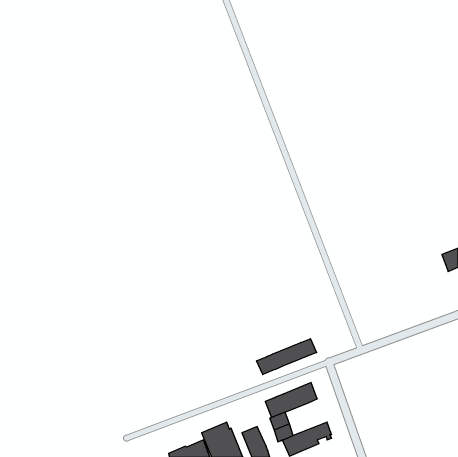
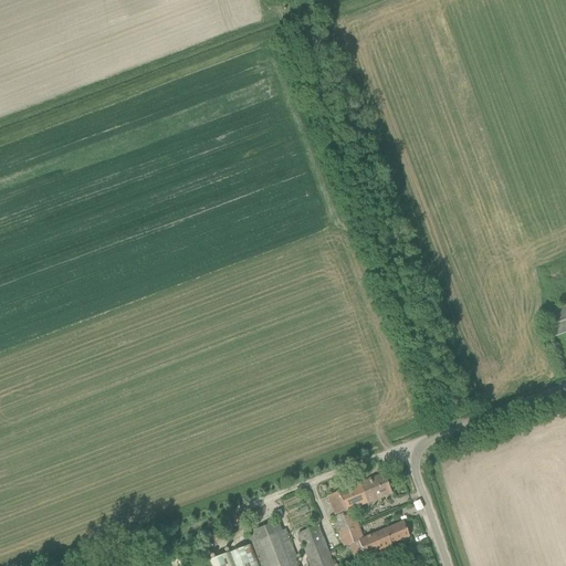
building: [257,339,317,375] -> none

